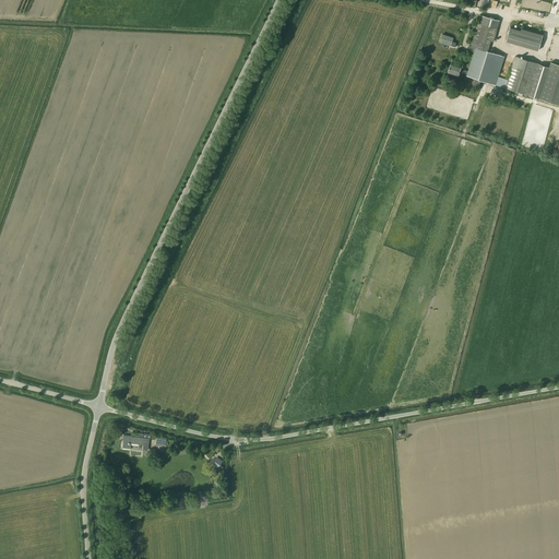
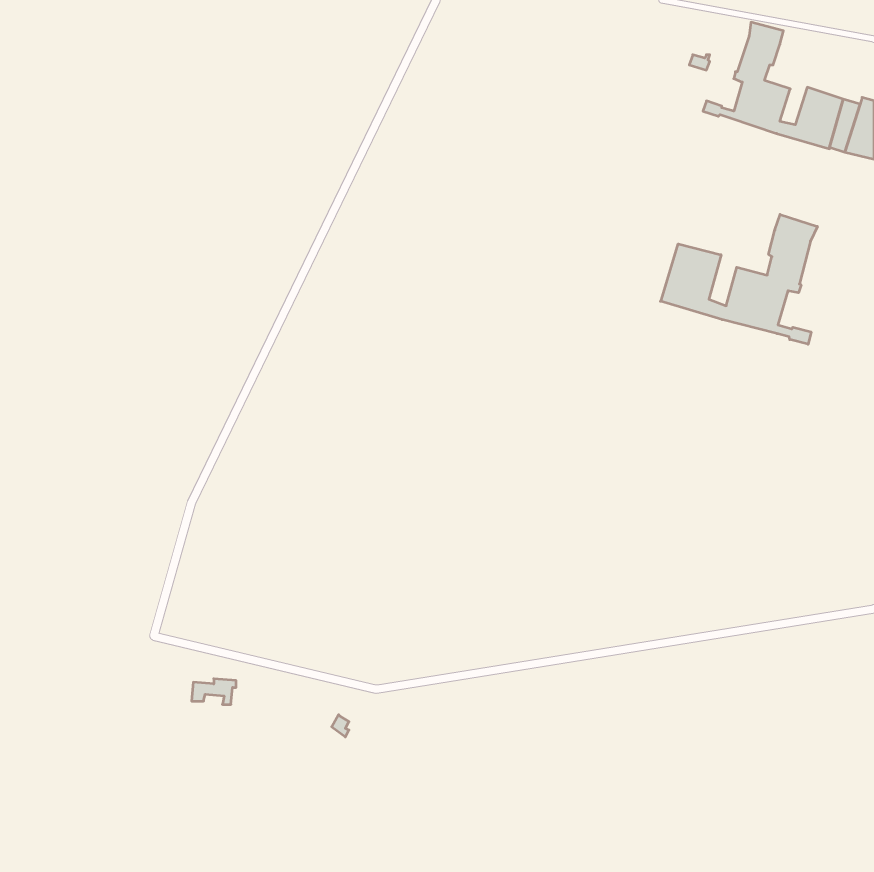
building: [507,28,543,51] -> none
building: none -> [660,214,817,344]

